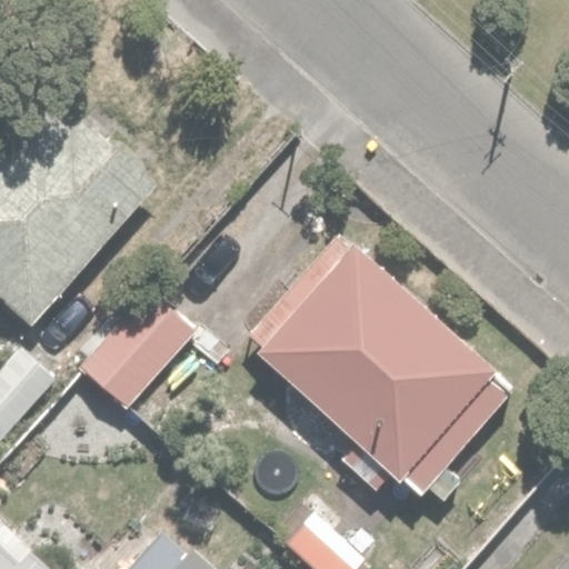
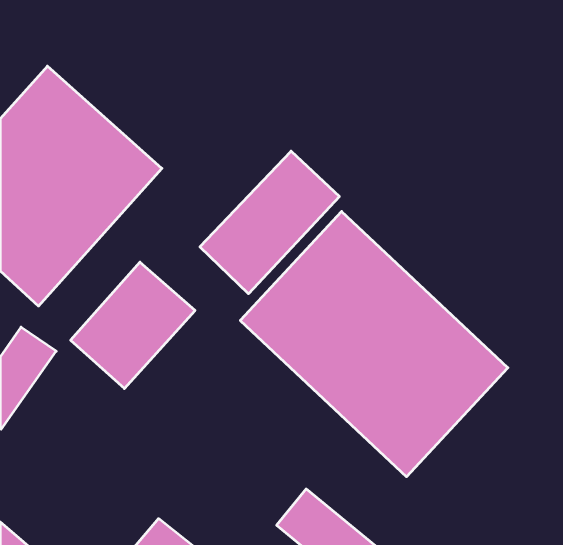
building: none -> [200,151,339,294]

